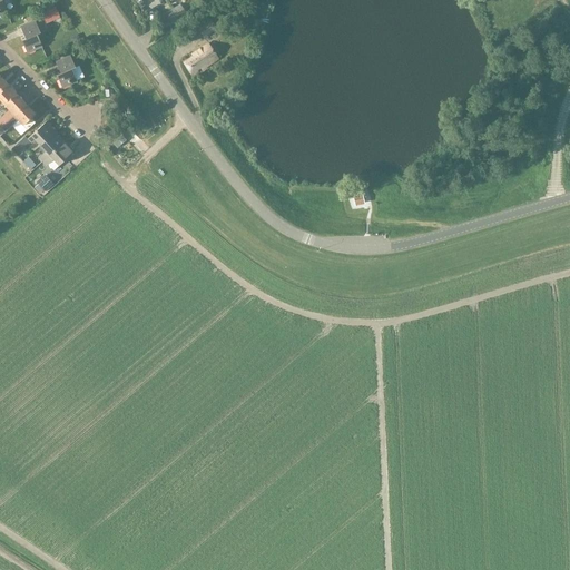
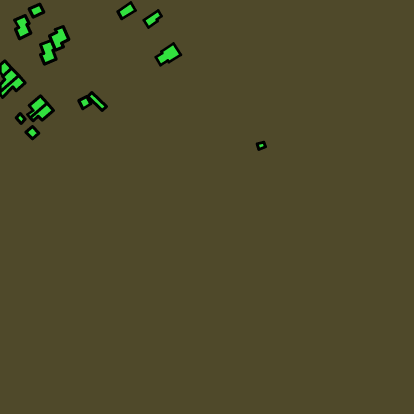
building: none -> [50,27,69,50]
building: [185,43,219,73] -> [156,43,181,65]
building: [11,120,57,154] -> none

